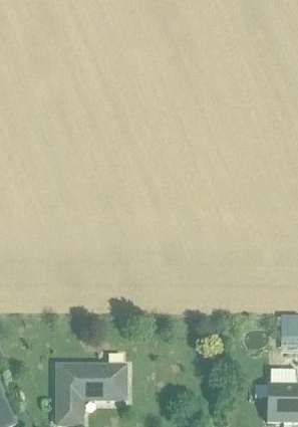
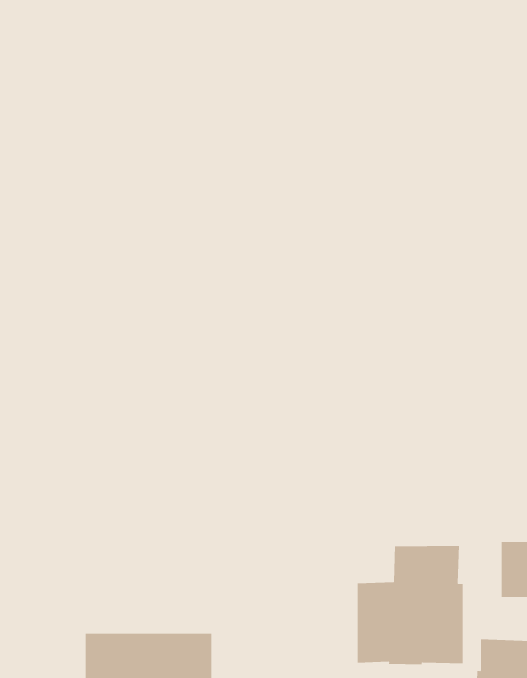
building: none -> [357,545,463,665]

